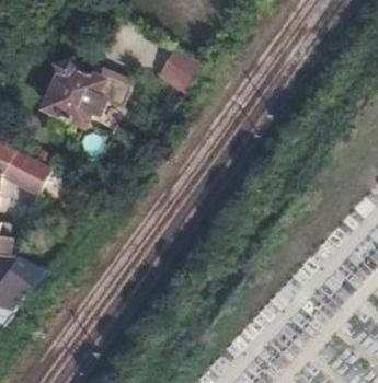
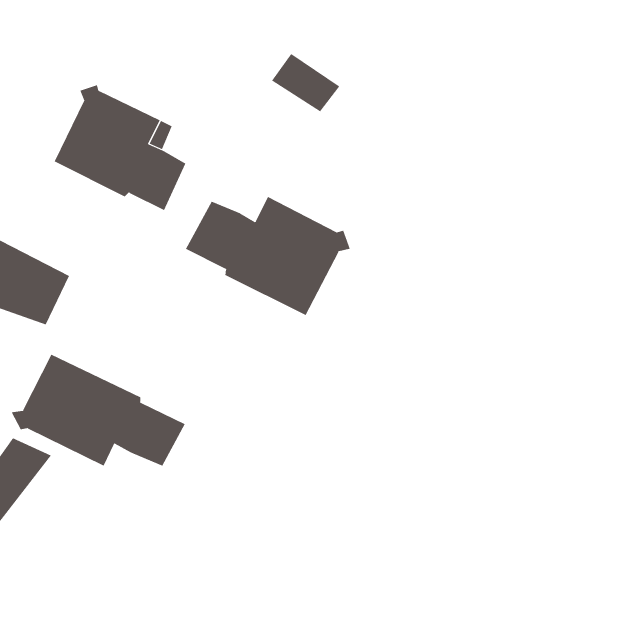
building: none -> [185,196,351,316]
building: none -> [11,354,186,466]

